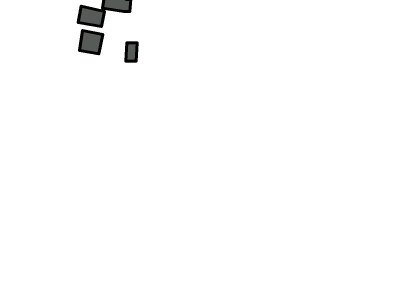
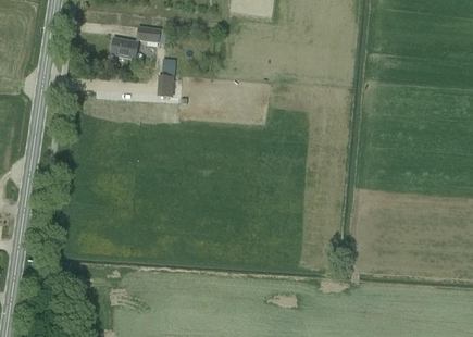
building: [80,31,103,54] -> none

